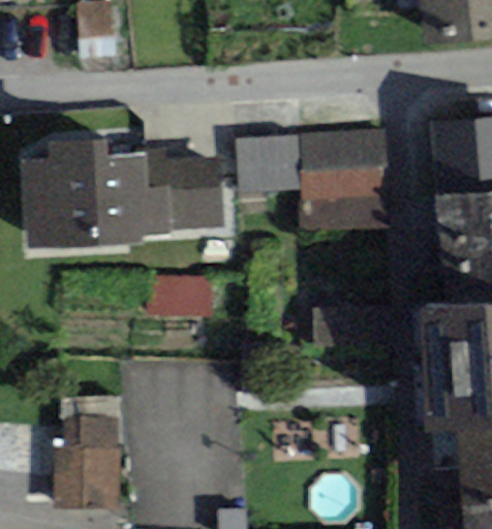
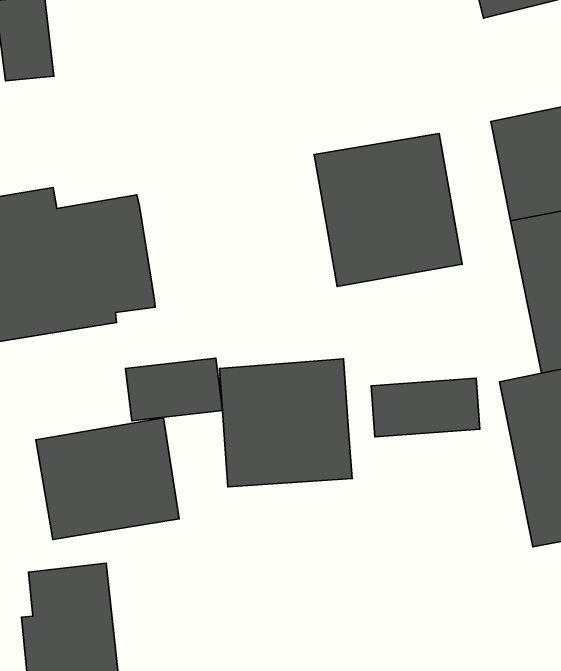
building: [236,134,302,194] -> none
building: [167,156,223,228] -> none
building: none -> [219,359,352,487]
building: none -> [36,418,179,539]

